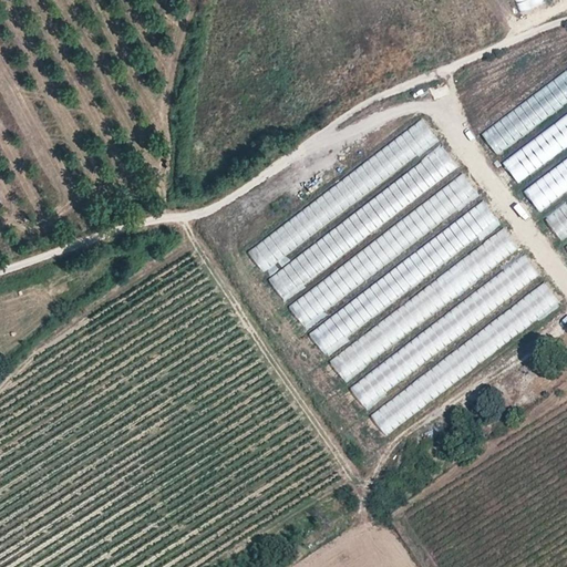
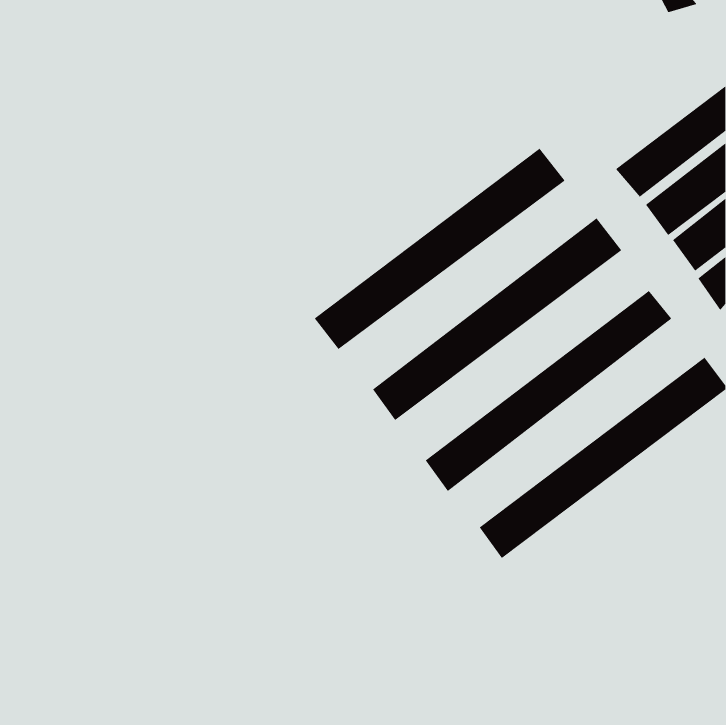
building: [267,143,462,301] -> none
building: [310,198,506,355] -> none
building: [349,254,544,411] -> none

